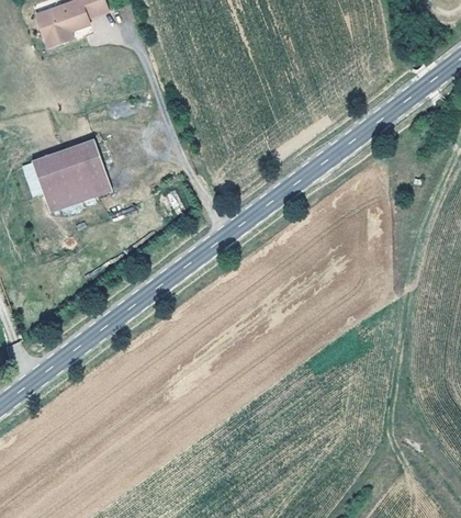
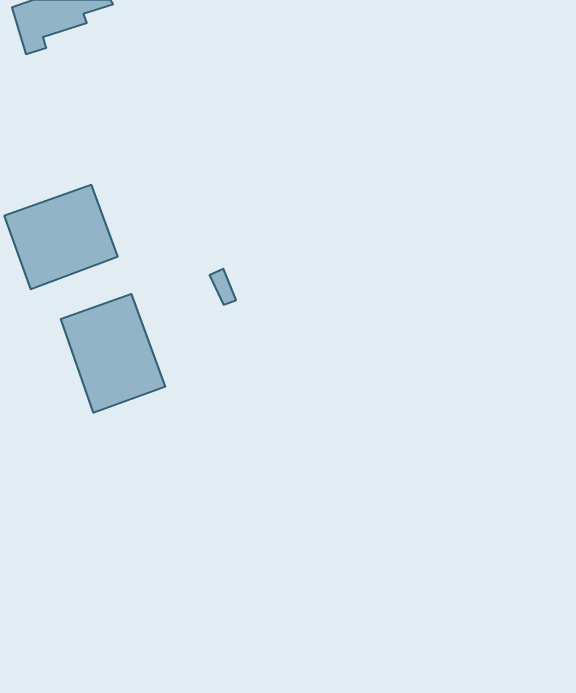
building: none -> [61,294,165,413]

